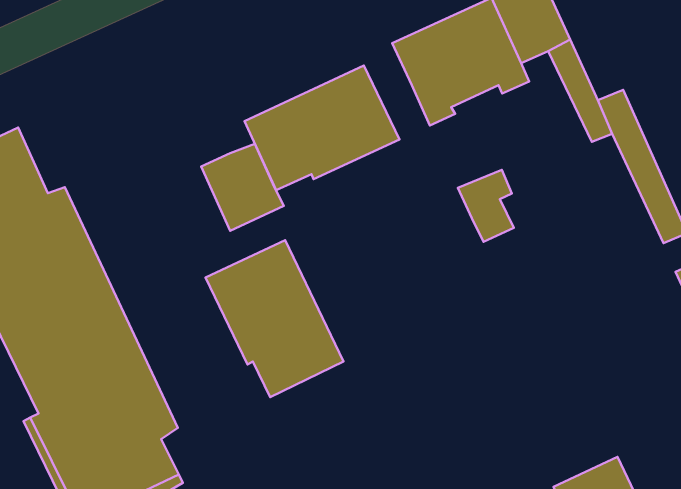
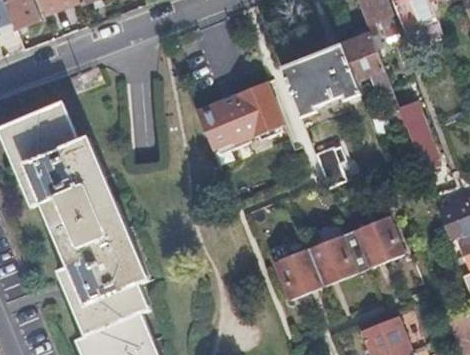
building: [201,144,284,231] -> none
building: [205,240,344,397] -> none
building: none -> [273,215,406,299]

